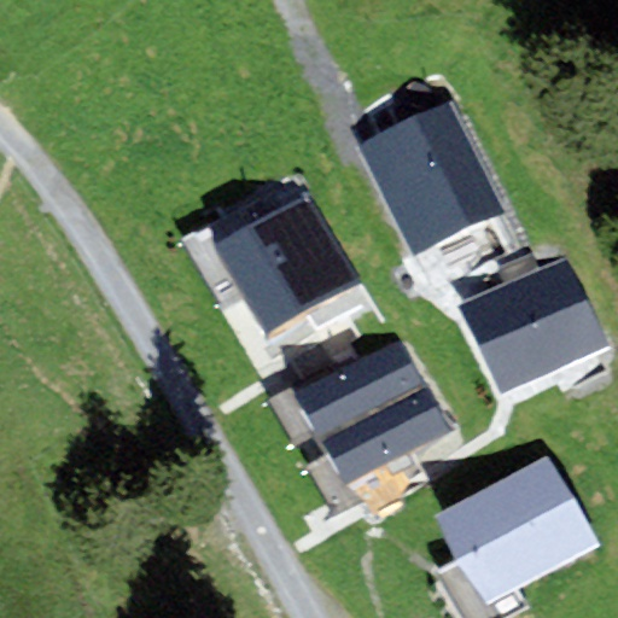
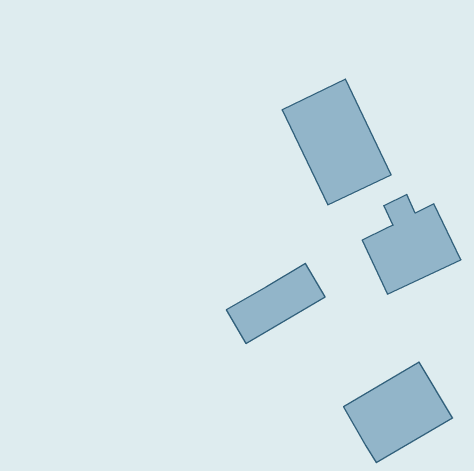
building: [214,196,358,338] -> none
building: [319,385,447,488] -> none

